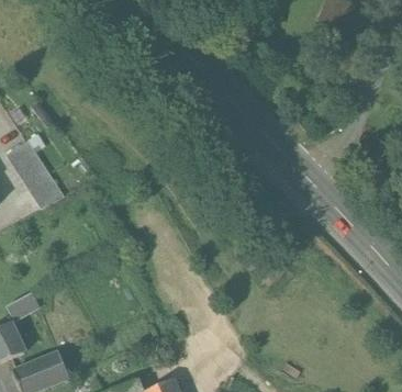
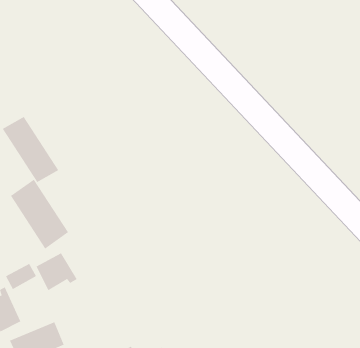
building: none -> [10,179,69,249]
building: none -> [36,253,78,291]

